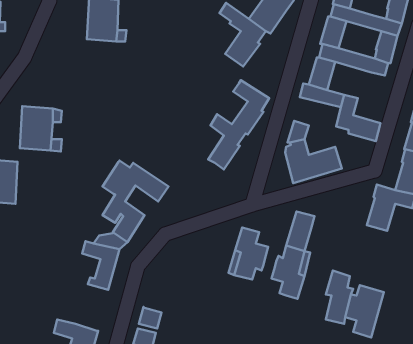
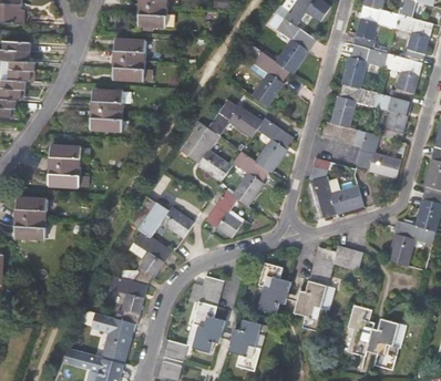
building: none -> [92,89,124,132]
building: none -> [183,100,263,181]
building: none -> [384,111,408,142]
building: none -> [202,192,240,241]
building: none -> [334,246,362,270]
building: none -> [191,276,225,352]
building: none -> [93,312,135,363]
building: none -> [228,319,261,370]

